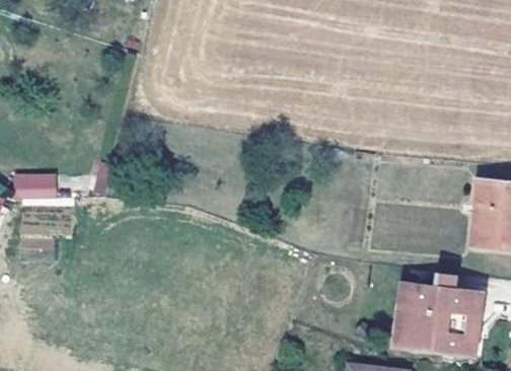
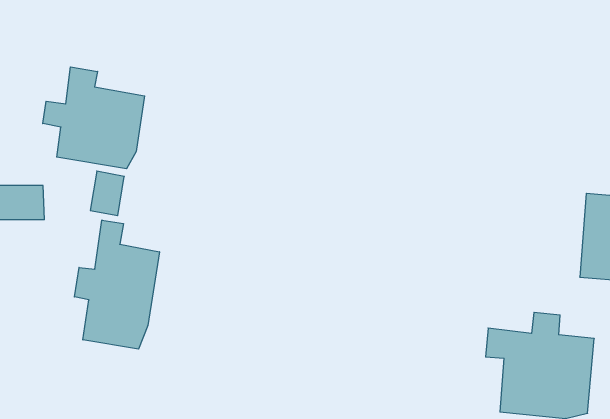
building: none -> [43,67,145,169]
building: none -> [74,220,159,349]

